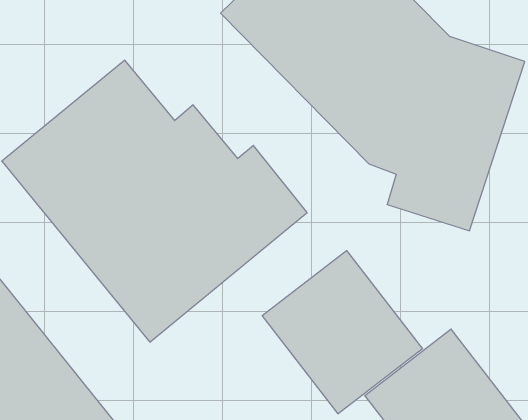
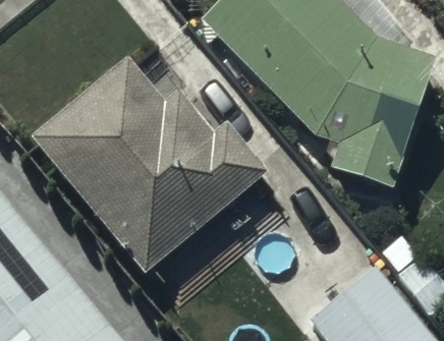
building: [262,251,422,414] -> none

